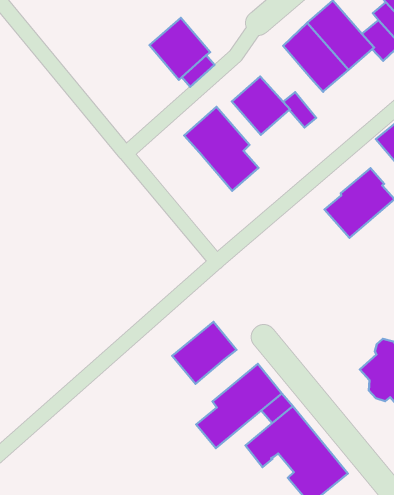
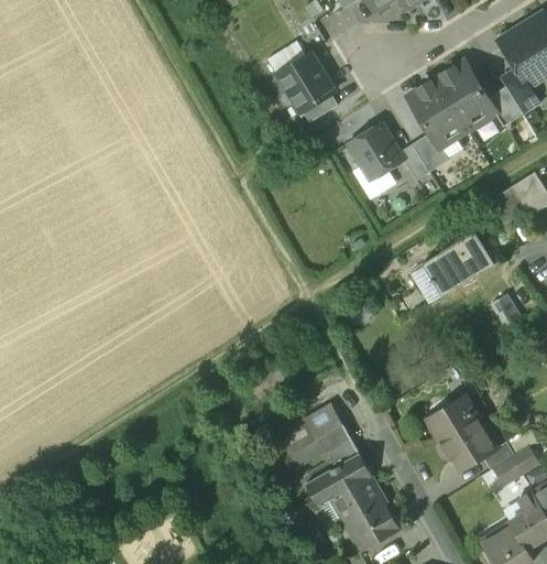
building: none -> [412,132,448,172]
building: [184,107,259,191] -> none
building: [172,322,237,384] -> none

